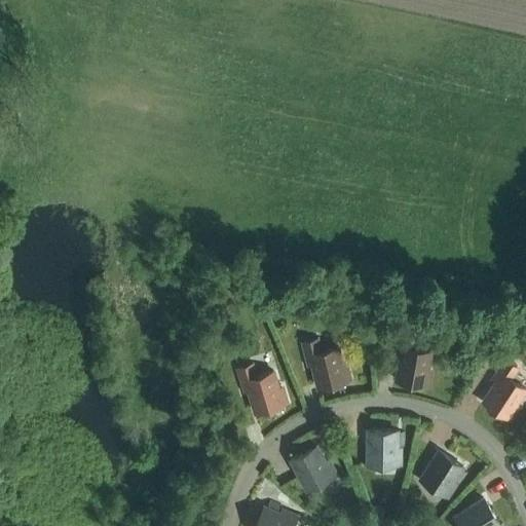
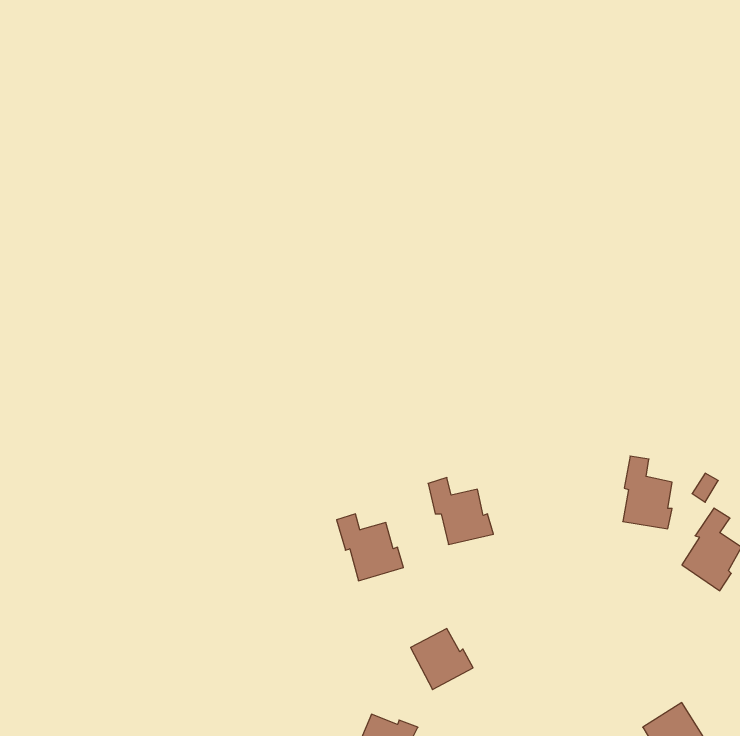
building: [397,337,431,388] -> [623,456,672,529]
building: [368,434,401,467] -> none
building: [420,453,463,499] -> none

